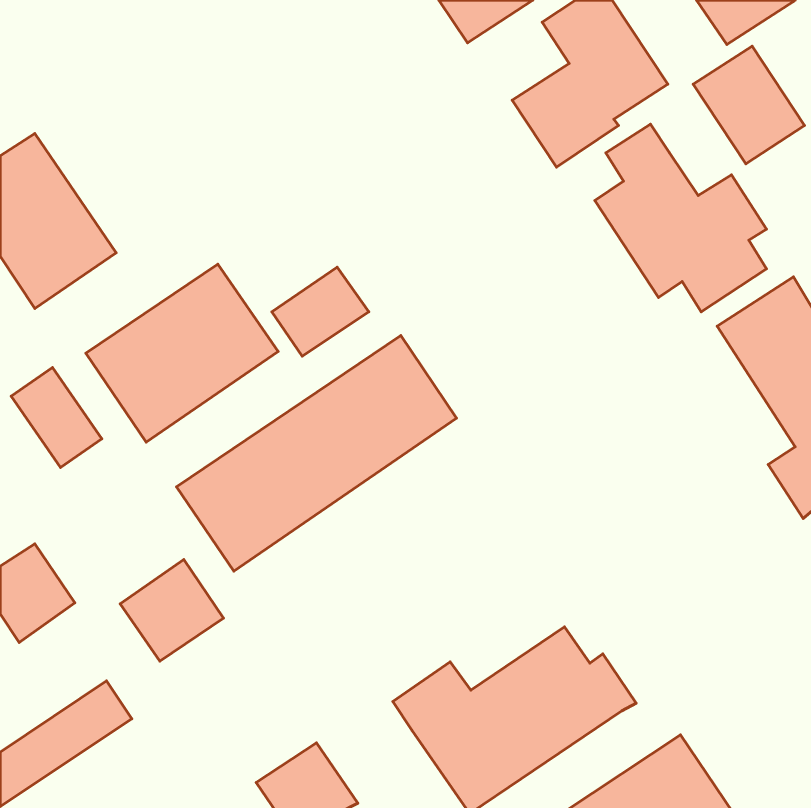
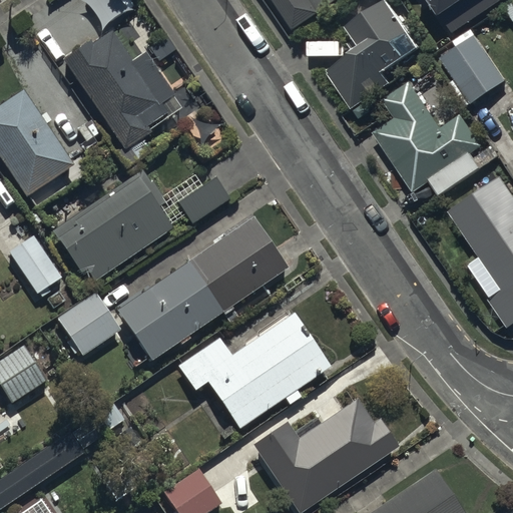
building: none -> [61,24,174,150]
building: none -> [176,311,330,429]
building: [120,559,224,661] -> [56,293,121,357]

